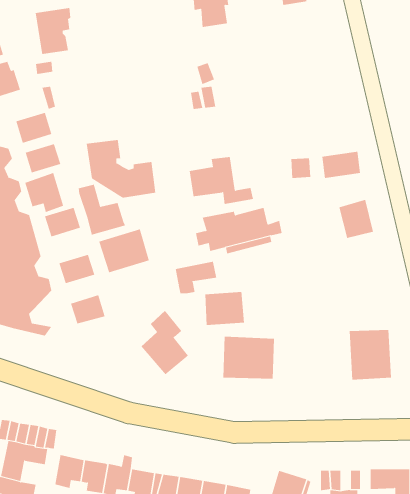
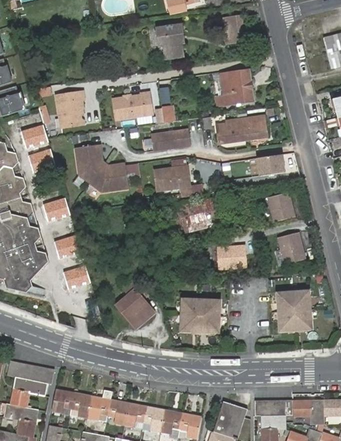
building: [35,8,71,54] -> [55,91,83,127]
building: none -> [215,69,252,105]
building: none -> [112,91,152,119]
building: none -> [215,115,266,143]
building: none -> [151,129,190,151]
building: [25,172,64,213] -> none
building: [78,184,126,236] -> none
building: [98,229,149,273] -> none
building: none -> [278,233,305,265]
building: [175,261,217,294] -> none
building: [204,292,245,325] -> [216,244,247,270]

